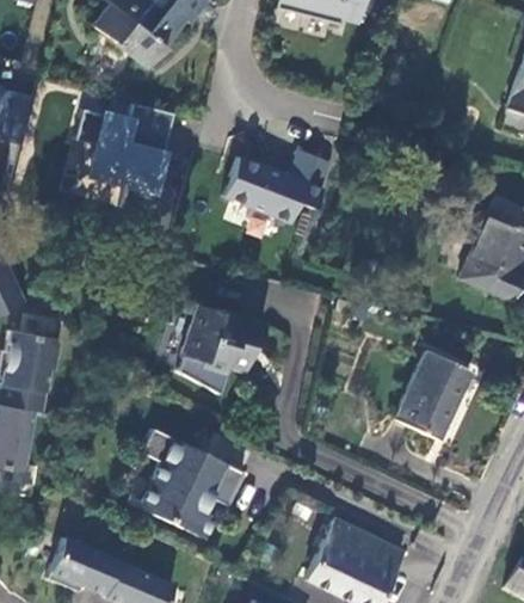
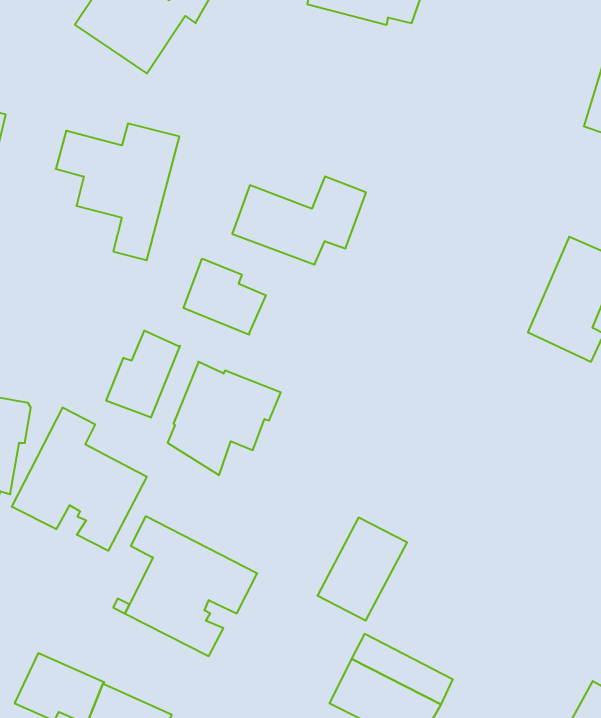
building: none -> [184,259,266,335]
building: none -> [106,331,180,418]
building: none -> [12,407,147,551]
building: [396,353,469,437] -> [317,517,407,620]

